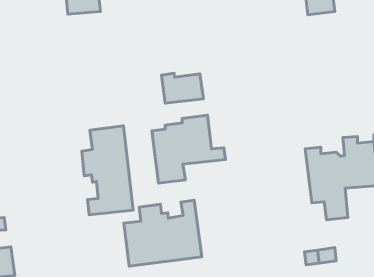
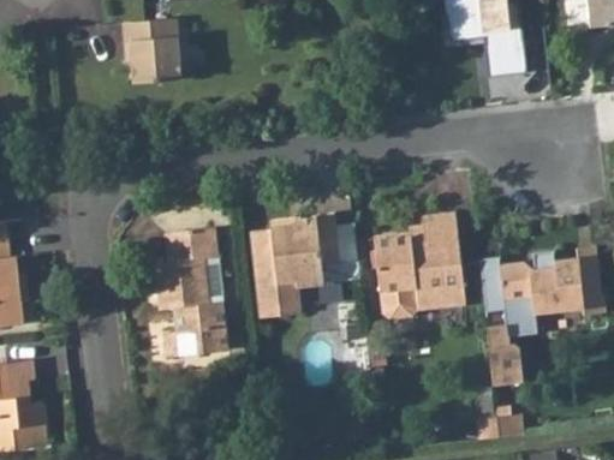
building: [162,73,203,103] -> none
building: none -> [375,211,464,316]
building: [124,200,202,266] -> none

